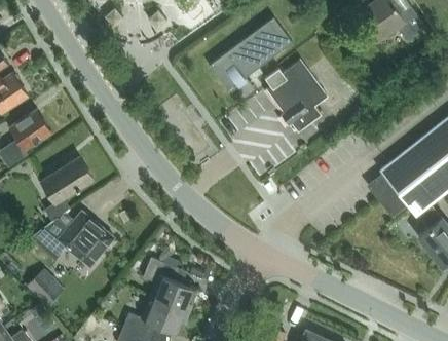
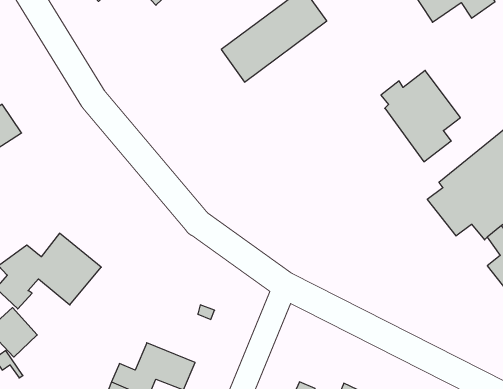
building: [264,60,327,131] -> [381,70,460,162]
building: [40,156,94,220] -> none
building: [143,258,197,312] -> none

